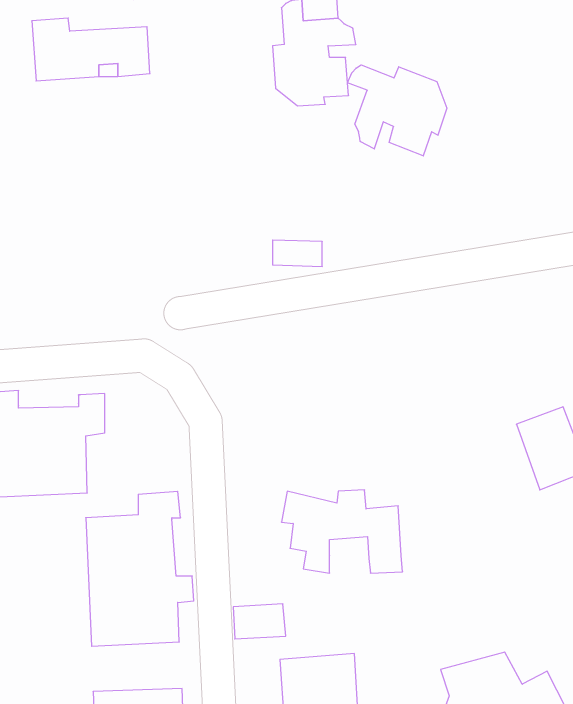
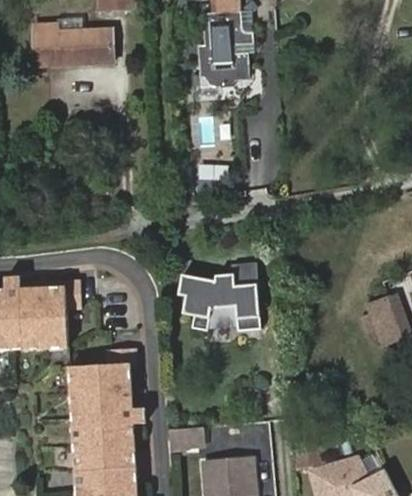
building: [348,65,447,156] -> none
building: [281,490,403,573] -> [173,273,256,330]
building: none -> [73,451,135,485]

